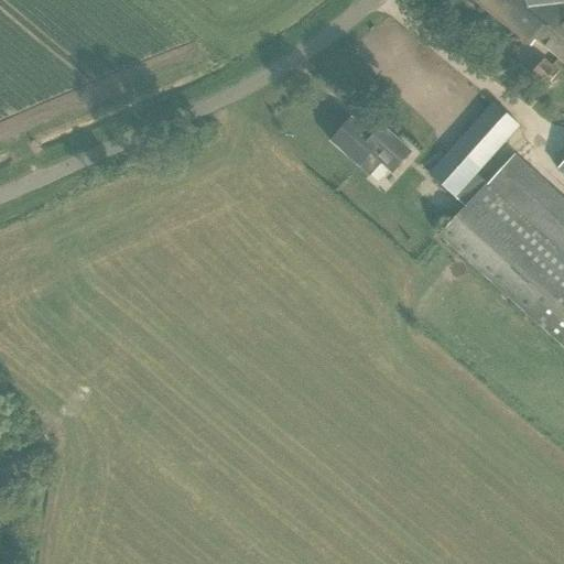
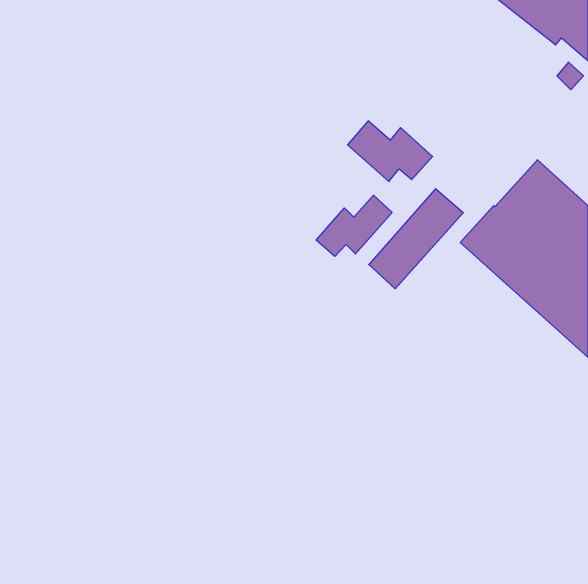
building: [431,99,521,195] -> [369,189,463,289]
building: none -> [316,195,392,256]

